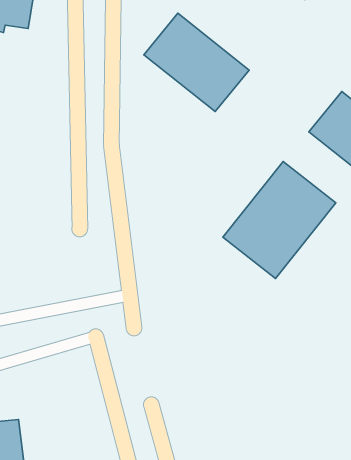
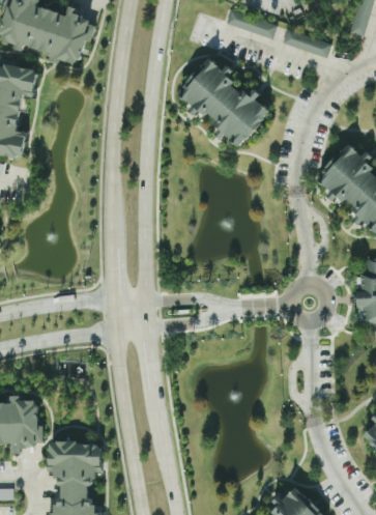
building: [223,161,336,278] -> none

